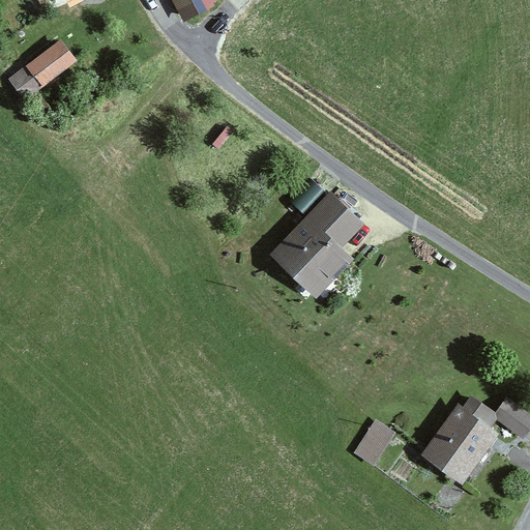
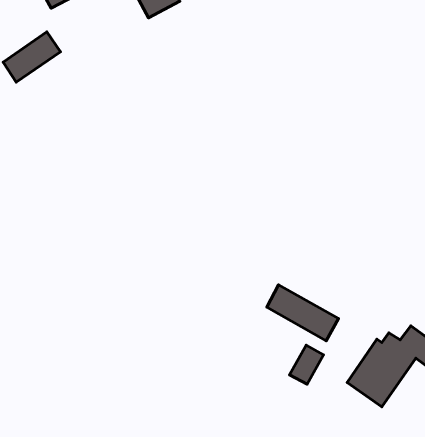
building: [267,192,364,299] -> none
building: none -> [267,285,339,341]

